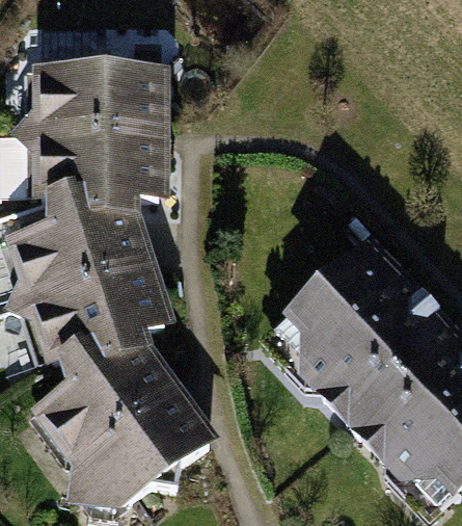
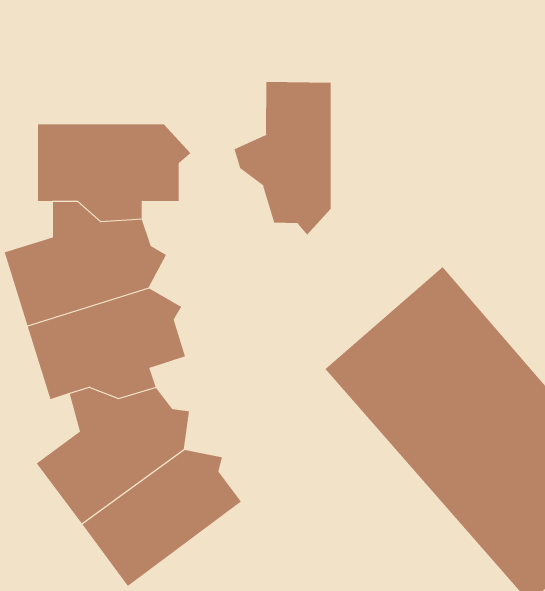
building: [37,67,163,129] -> none
building: none -> [234,81,331,236]

